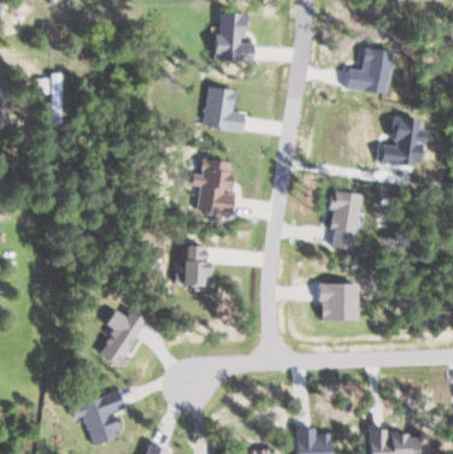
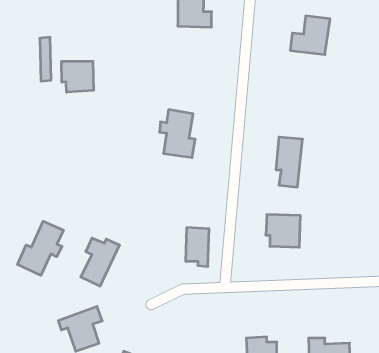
building: [204,86,245,131] -> none
building: none -> [62,61,94,92]
building: [382,116,429,167] -> none
building: [181,244,208,290] -> [186,228,209,266]
building: none -> [17,221,63,275]

